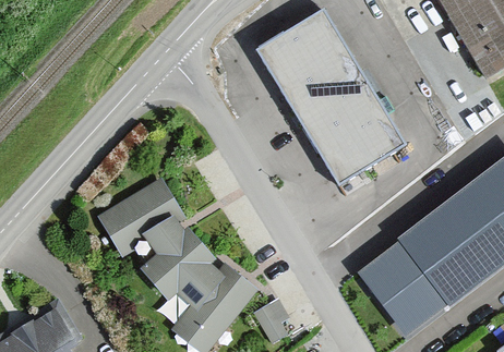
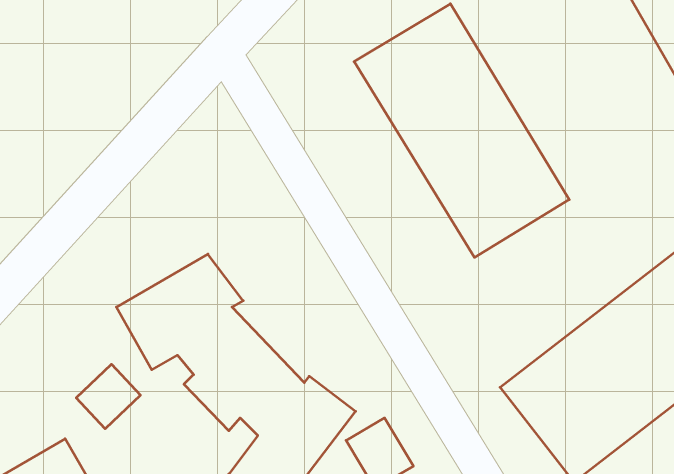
building: none -> [76,364,140,429]

